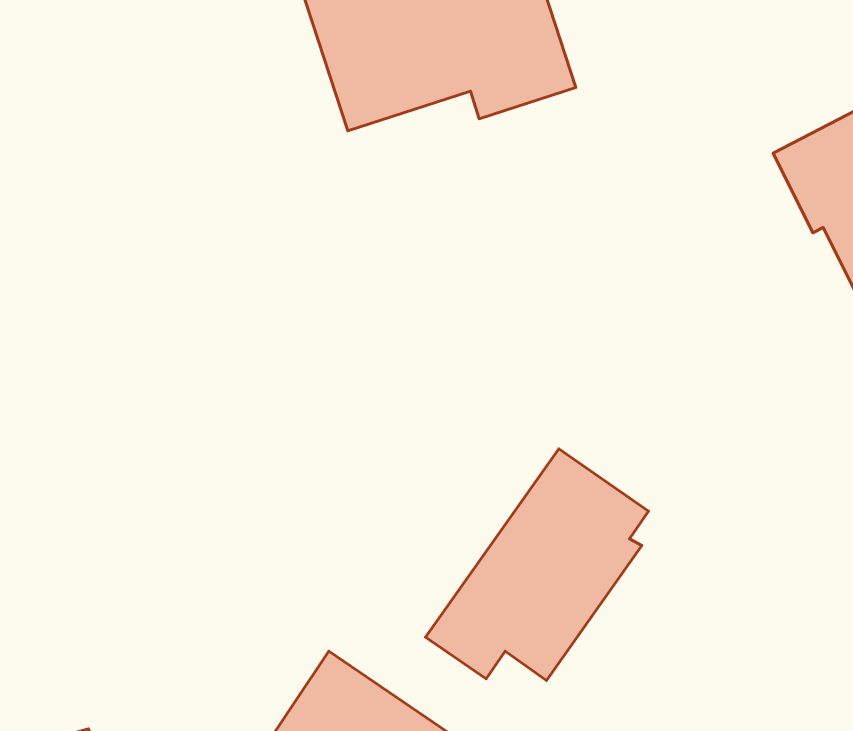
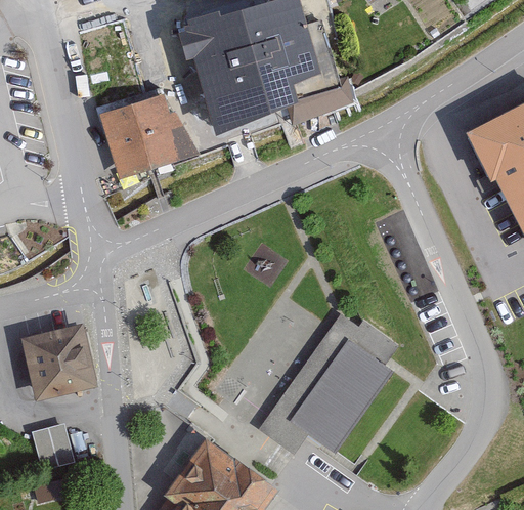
building: none -> [98,99,194,182]
building: none -> [20,325,99,400]
building: none -> [30,425,72,472]

